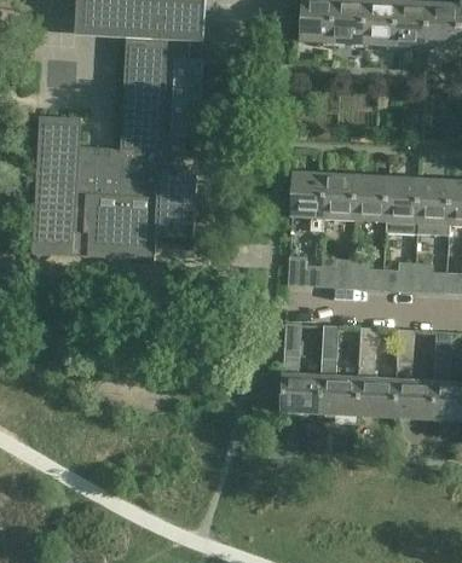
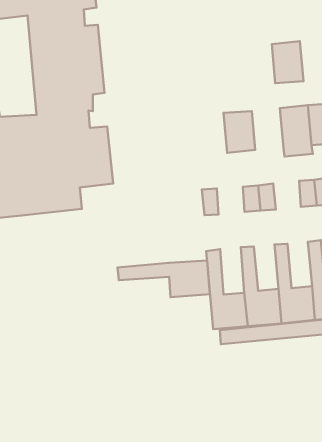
building: [293,172,328,217] -> none
building: [357,175,391,221] -> [272,41,303,83]
building: none -> [118,261,210,297]

